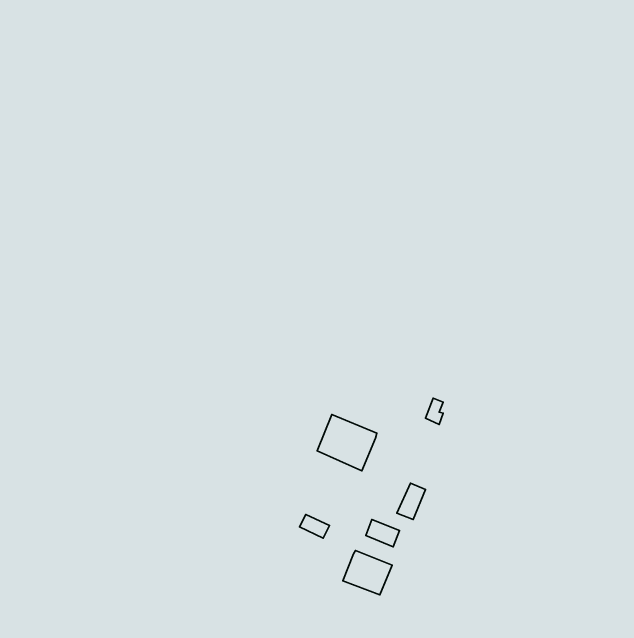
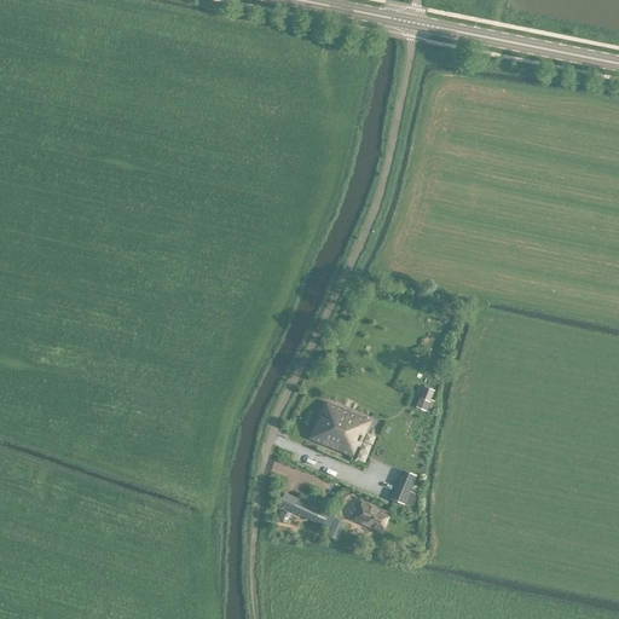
building: [343,550,392,595] -> none

